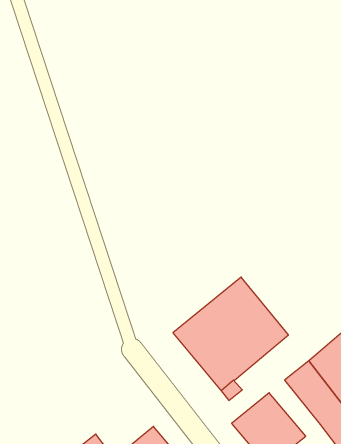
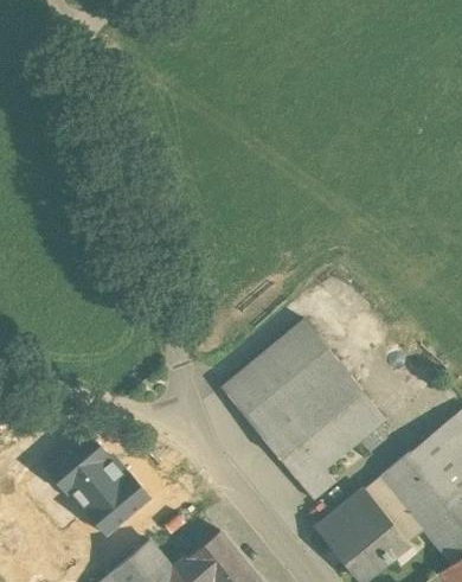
building: none -> [220,318,328,416]
building: none -> [47,433,152,536]
building: none -> [362,474,425,543]

